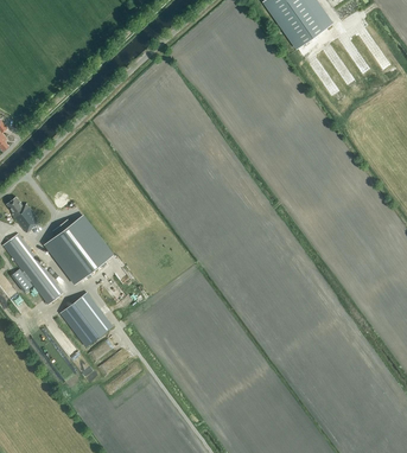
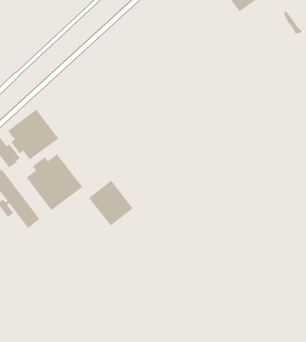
building: none -> [8,109,59,160]
building: [59,293,113,347] -> [88,180,134,226]

